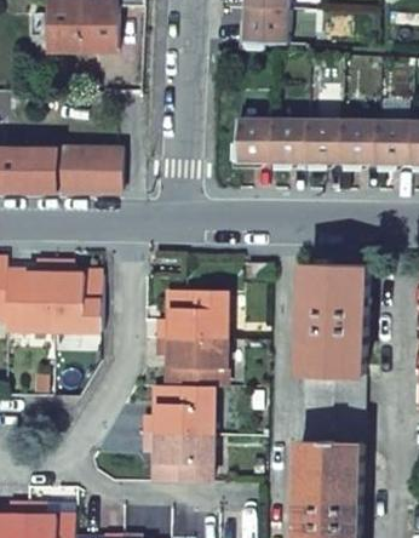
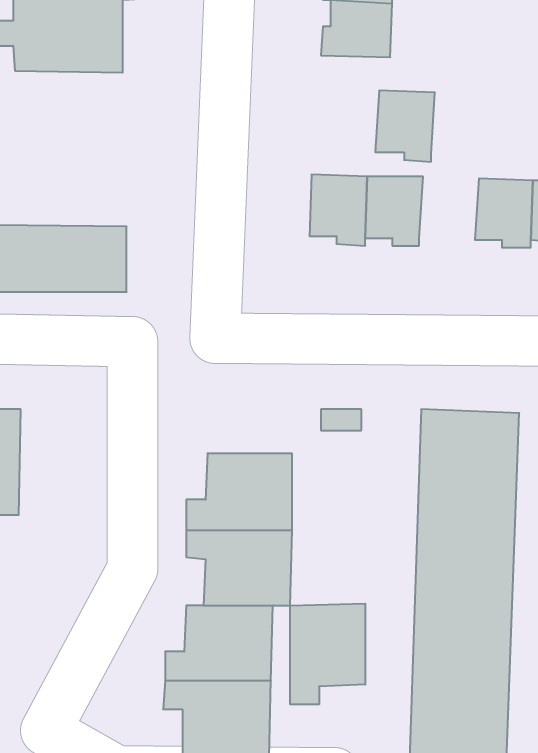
building: [304,118,341,162] -> [375,91,435,162]
building: [52,264,101,332] -> none
building: none -> [290,604,365,704]

